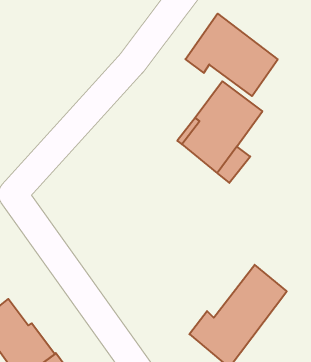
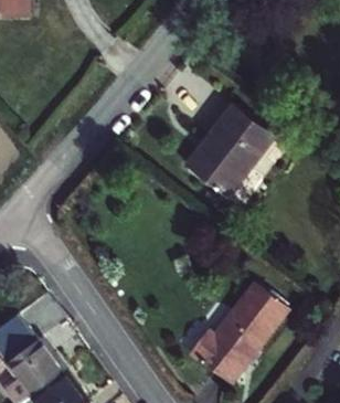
building: [185,14,278,96] -> none

